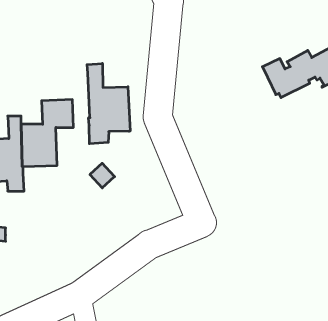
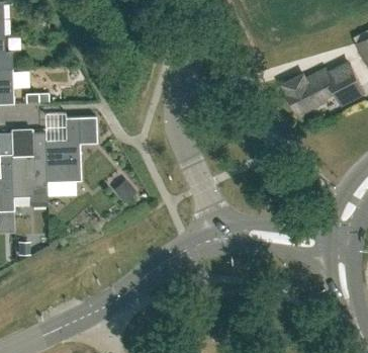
building: [87,63,130,144] -> none

